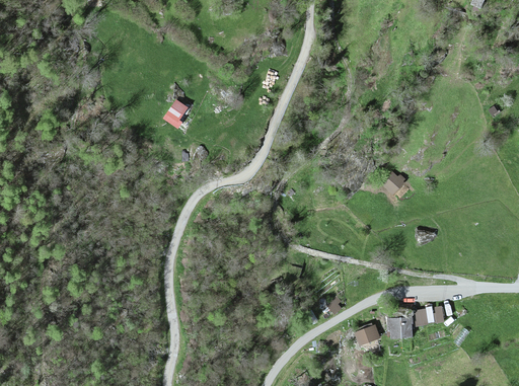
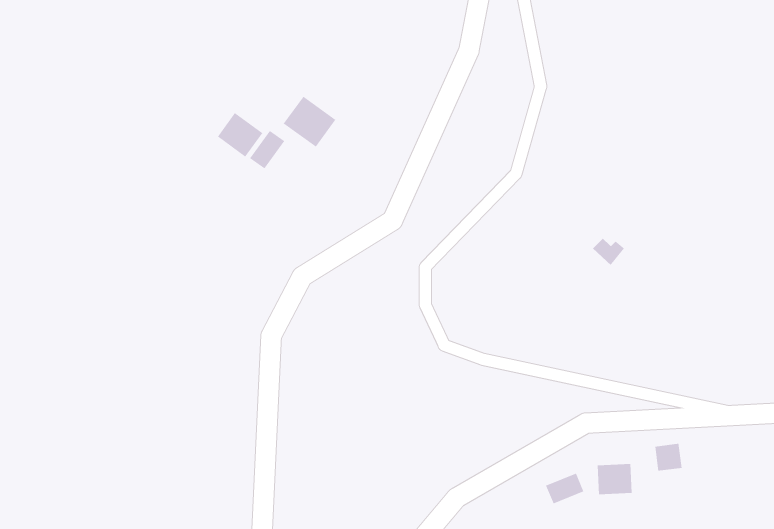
building: none -> [283,96,336,147]
building: none -> [217,112,263,157]

